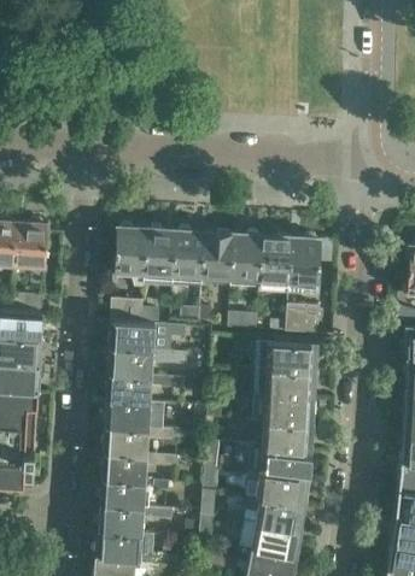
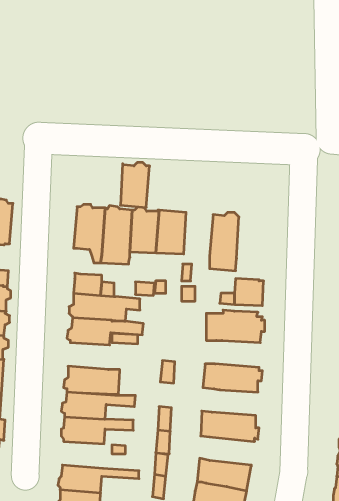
building: [232,233,263,281] -> [120,163,150,207]
building: [287,236,322,298] -> none
building: [255,371,317,400] -> none
building: [105,374,185,402] -> none
building: [262,423,315,452] -> none
building: [249,474,309,505] -> none
building: [99,480,146,509] -> none

